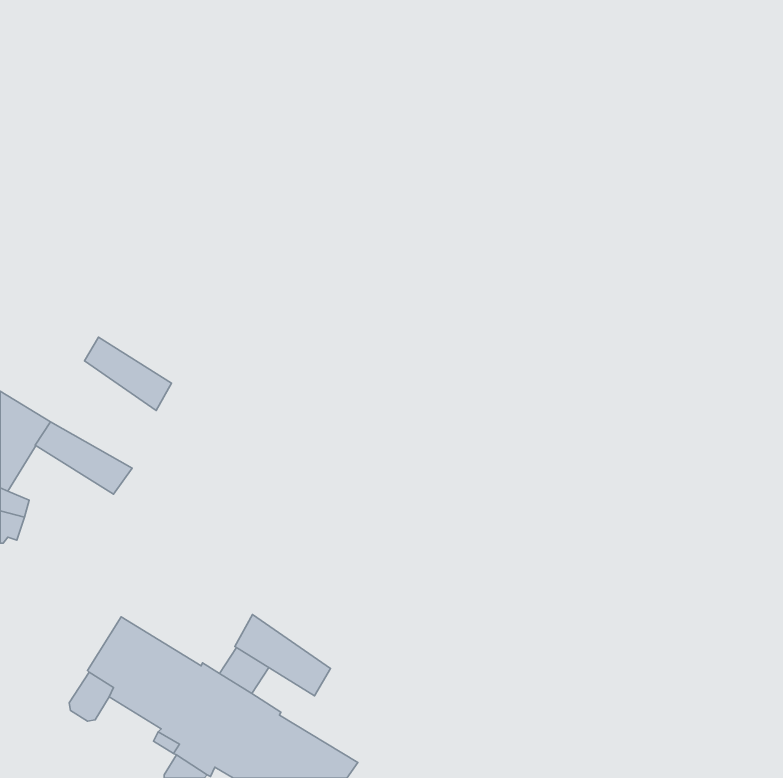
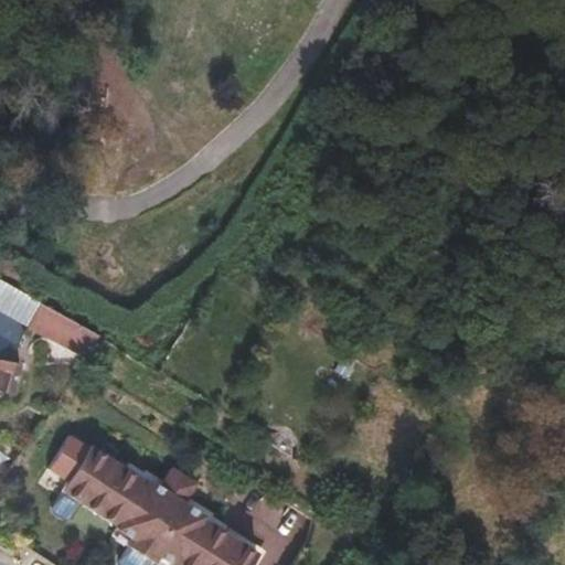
building: [85,337,172,411] -> none
building: [235,614,331,696] -> none

